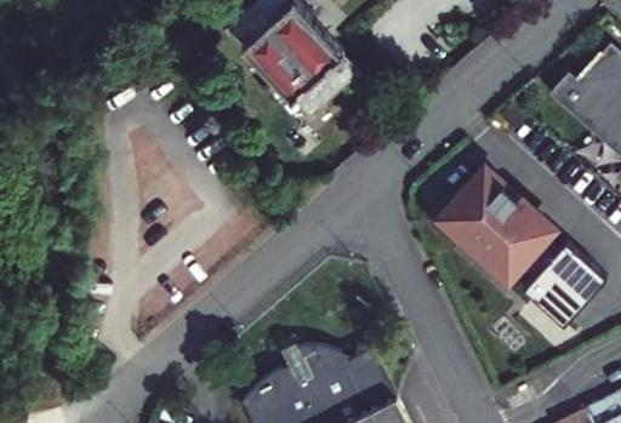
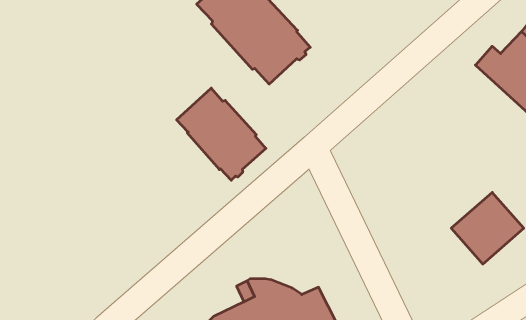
building: none -> [177,88,266,180]
building: [428,167,552,278] -> none

